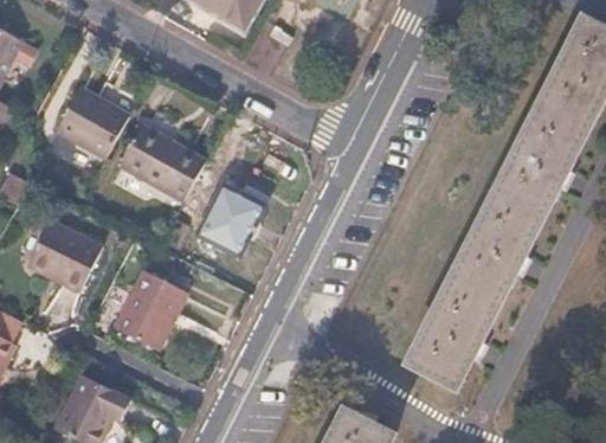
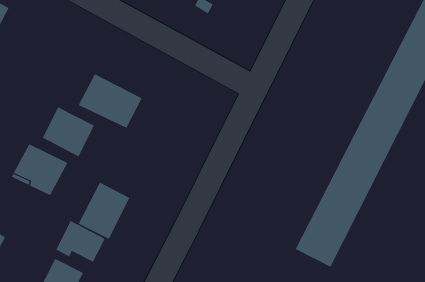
building: [54,86,125,155] -> [42,106,95,157]
building: [200,184,264,251] -> none
building: none -> [55,220,105,263]

